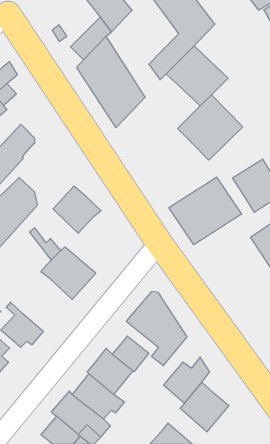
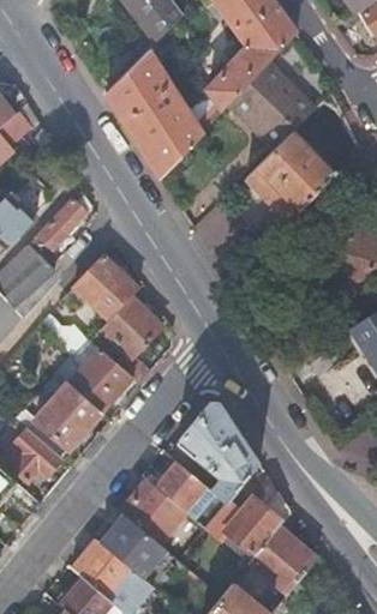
building: none -> [28,198,86,265]
building: [169,177,242,245] -> none
building: none -> [102,299,161,383]
building: none -> [32,383,101,456]

